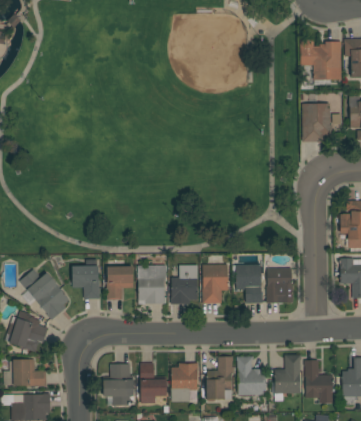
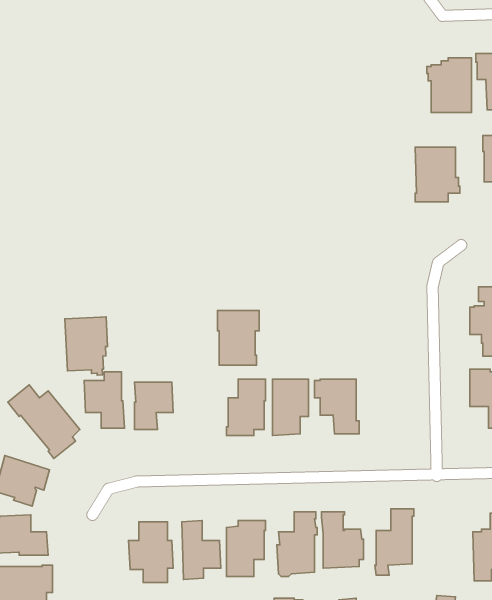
building: none -> [65,317,108,375]
building: [138,266,167,304] -> [218,311,259,365]
building: [266,269,293,303] -> none
building: [304,360,335,403] -> none

